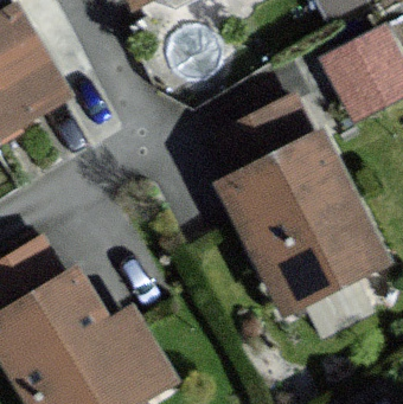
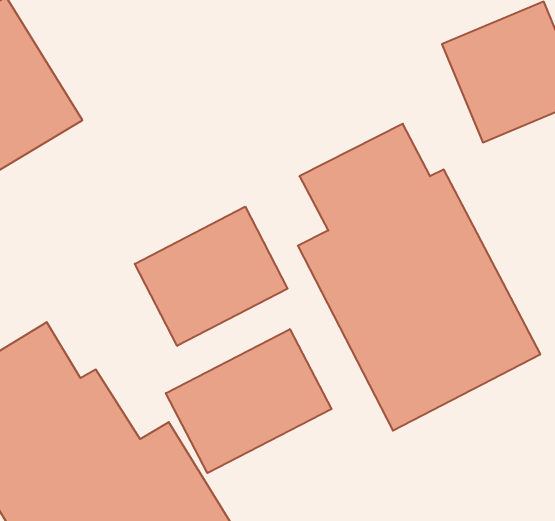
building: none -> [135,207,288,346]
building: none -> [166,329,332,473]

